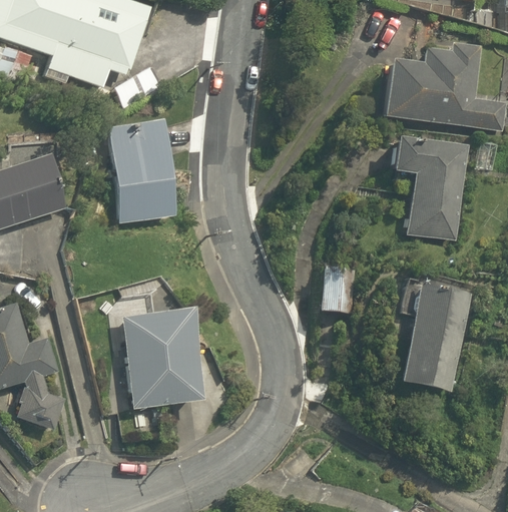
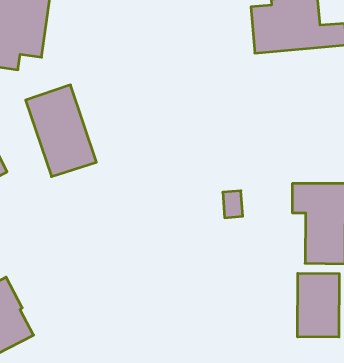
building: [392,133,466,237] -> none
building: [123,311,202,409] -> none
building: none -> [298,273,339,337]

